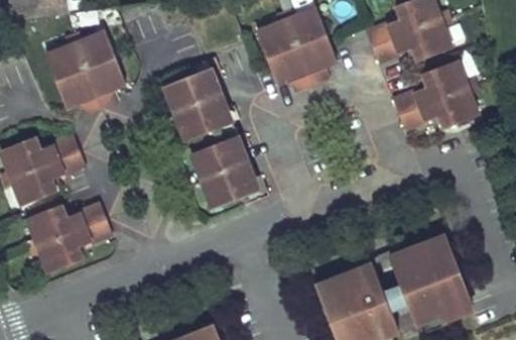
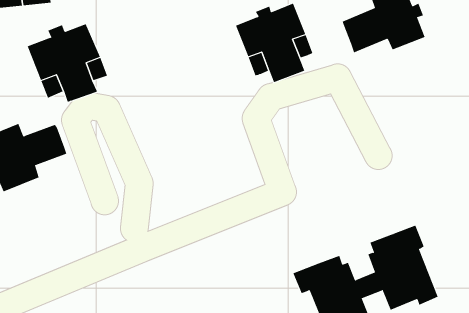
building: [394,60,480,129] -> none
building: [163,61,260,209] -> none
building: [25,202,114,272] -> none

